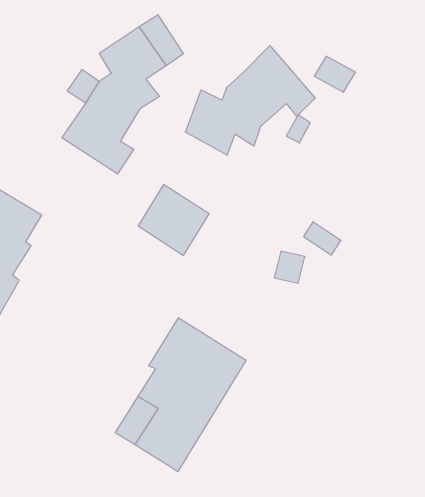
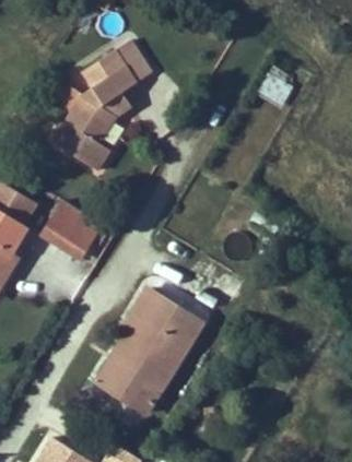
building: [186,46,315,155] -> none
building: [138,185,209,255] -> [44,201,102,259]

